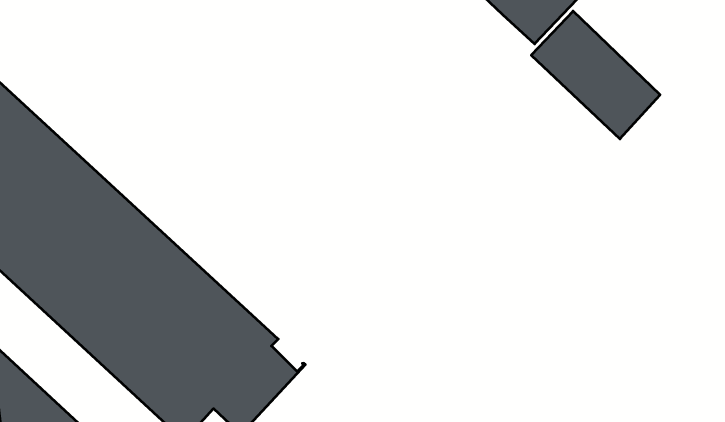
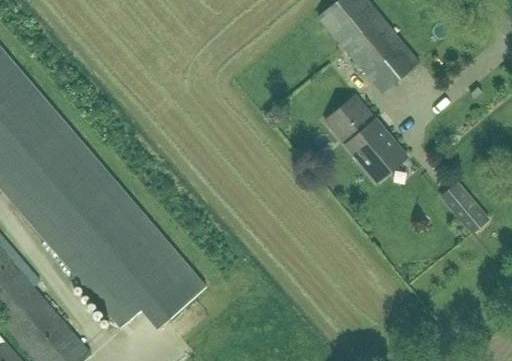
building: [531,11,660,139] -> [324,94,406,182]
building: none -> [441,183,488,234]

